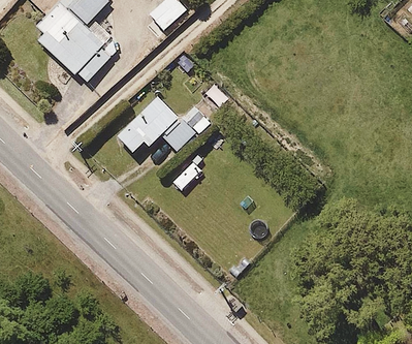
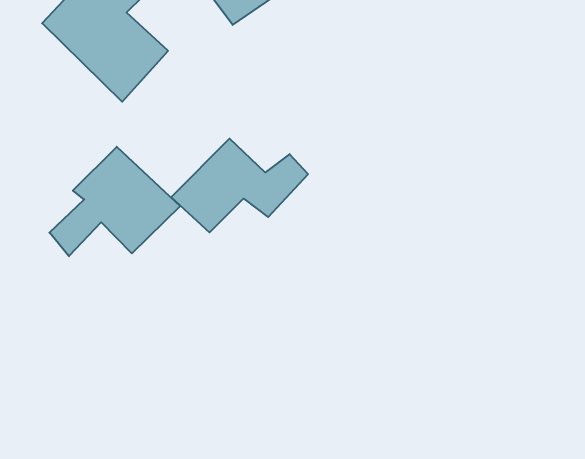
building: none -> [49,147,180,256]

